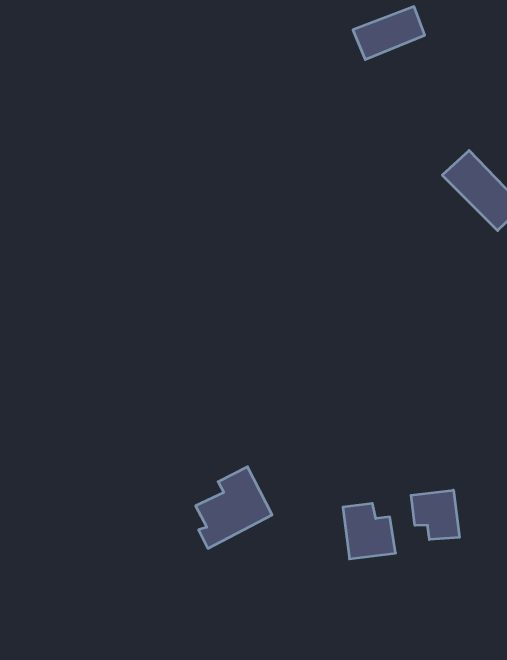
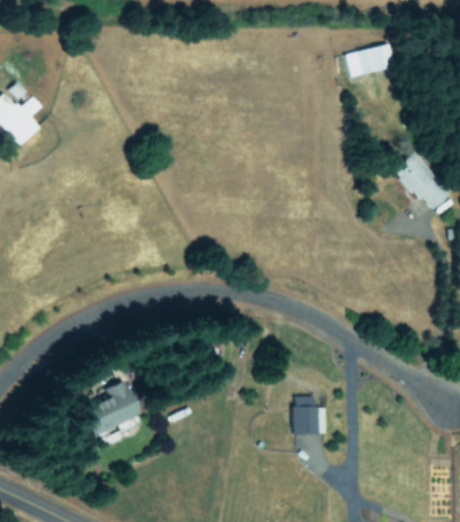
building: [196,467,272,548] -> [86,380,140,435]
building: [411,490,459,540] -> none

